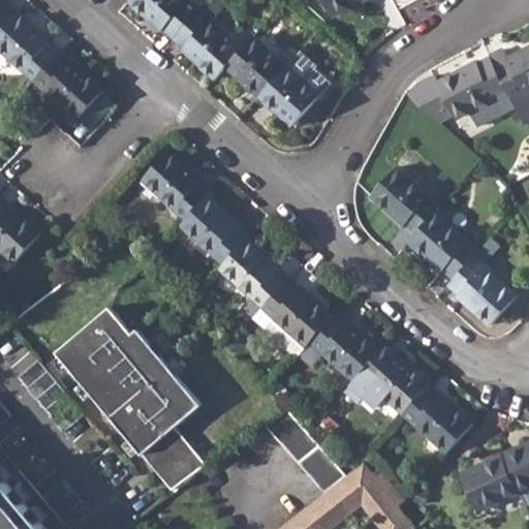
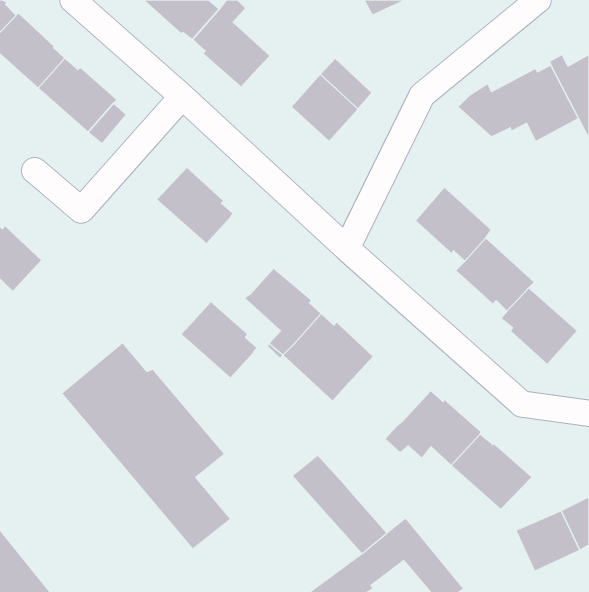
building: [226,37,285,96] -> none
building: [179,194,247,262] -> [181,302,257,378]
building: [311,316,380,380] -> none

